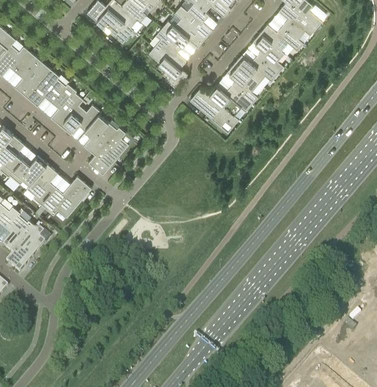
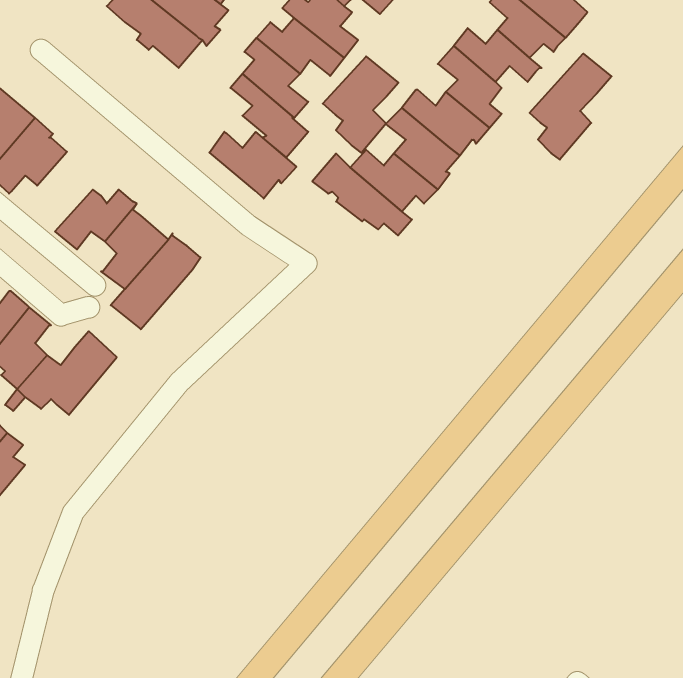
building: none -> [530,54,612,160]
building: none -> [323,56,398,153]
building: none -> [209,132,296,199]
building: [49,83,82,125] -> none

